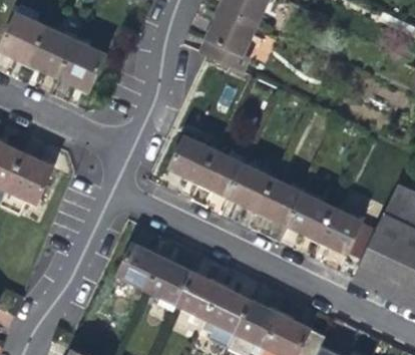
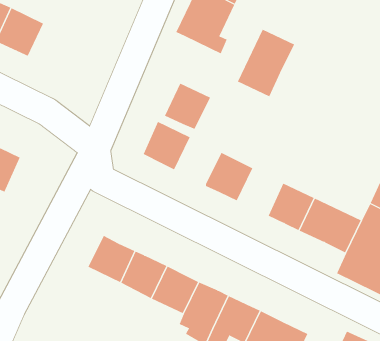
building: [59,44,105,90] -> none
building: none -> [237,29,295,97]
building: [197,151,242,196] -> [164,83,211,130]
building: [257,181,301,226] -> none

